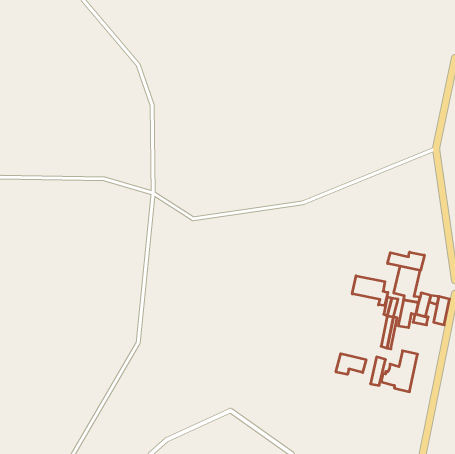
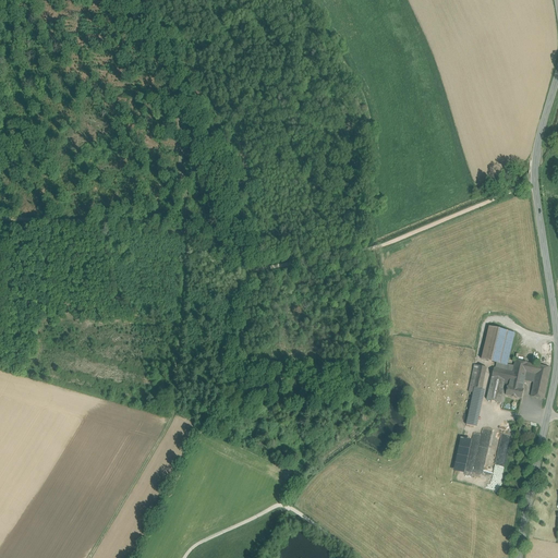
building: [388,252,424,271] -> none
building: [352,276,388,306] -> none
building: [336,354,366,374] -> none

